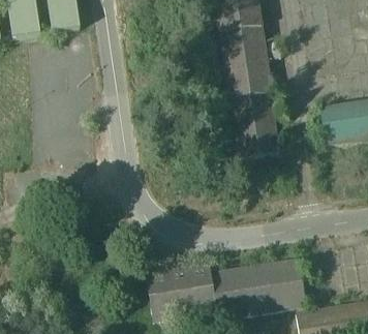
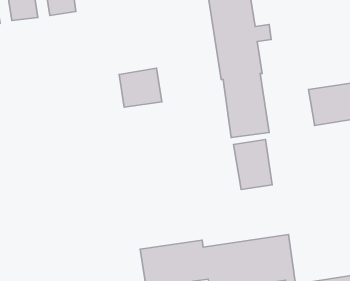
building: none -> [119,68,162,107]
building: none -> [234,140,272,189]

